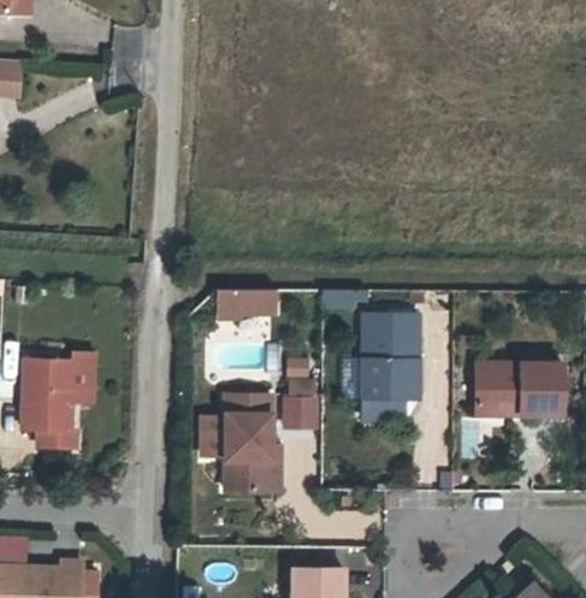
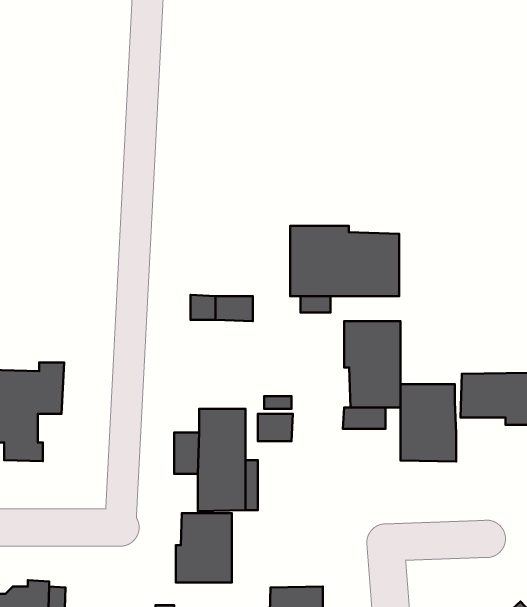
building: none -> [290,226,399,296]
building: none -> [400,384,456,462]
building: none -> [176,513,232,582]

